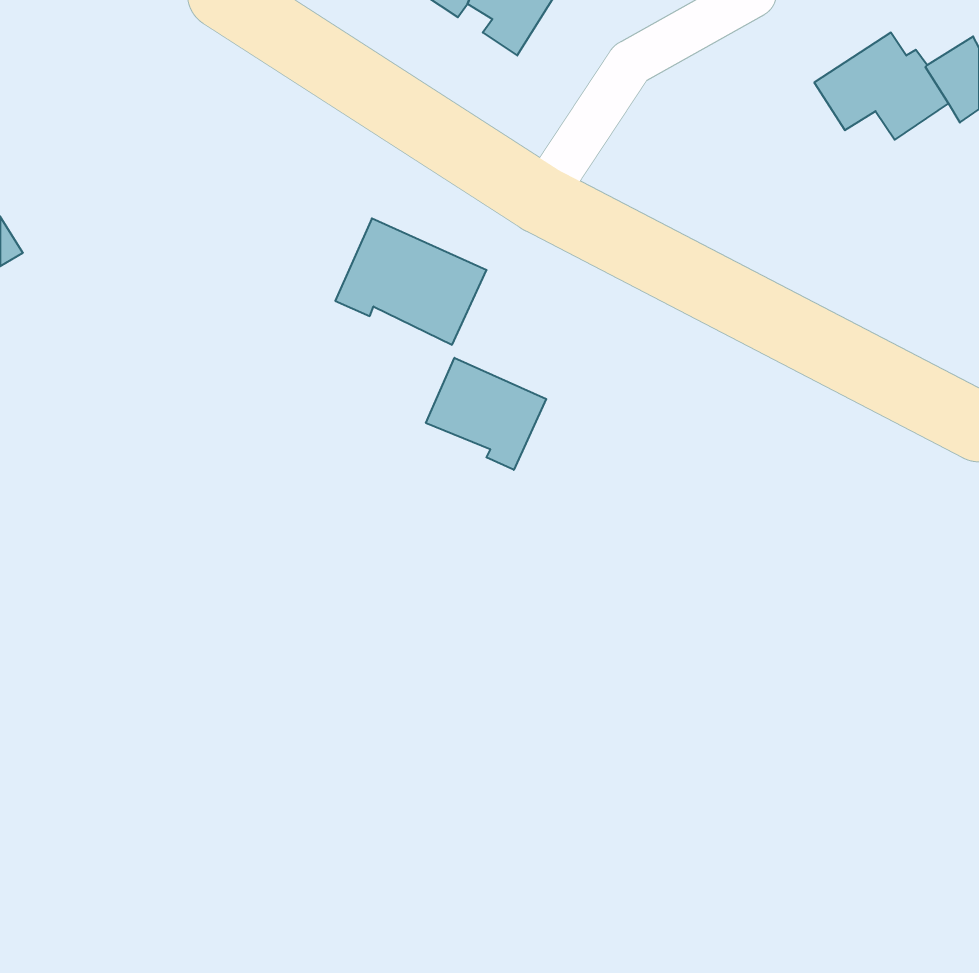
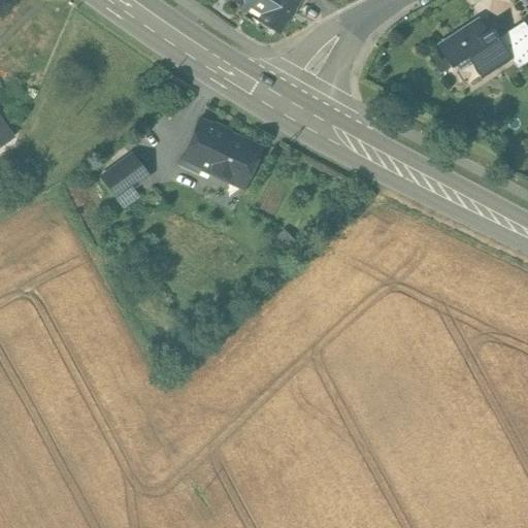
building: none -> [102,153,147,195]
building: [426,358,546,470] -> none

